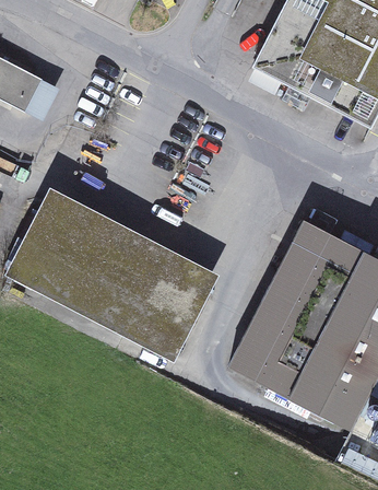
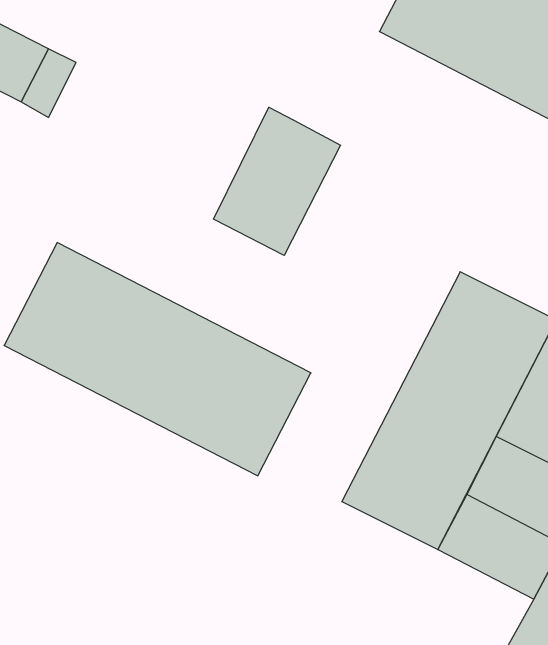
building: none -> [213,107,341,255]

